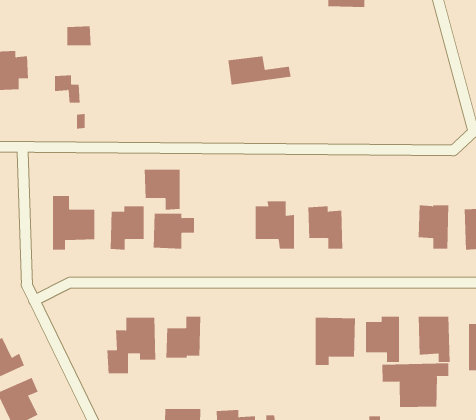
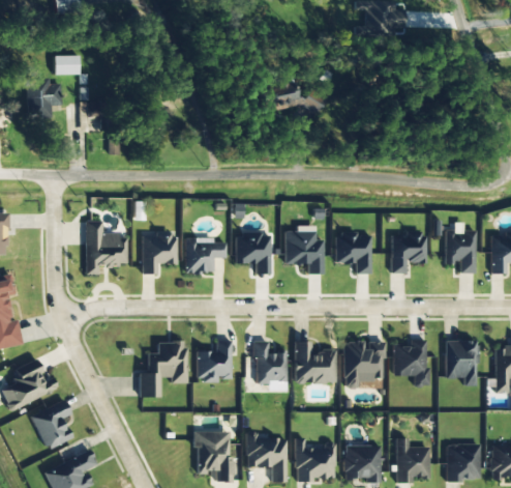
building: [66,26,92,46] -> [55,55,80,75]
building: [144,169,181,210] -> [235,234,271,275]
building: none -> [391,231,425,274]
building: none -> [254,341,287,382]
building: none -> [294,341,336,383]
building: [382,363,449,408] -> none

